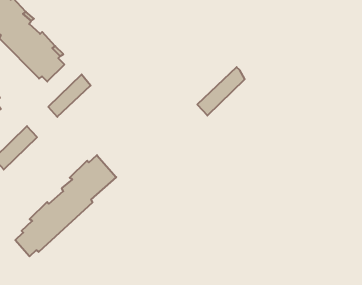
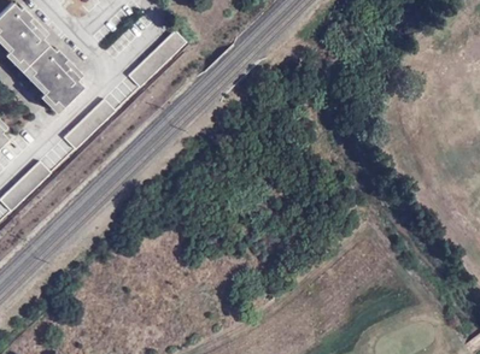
building: [197,67,245,116] -> [128,30,185,88]
building: [15,155,116,256] -> none

